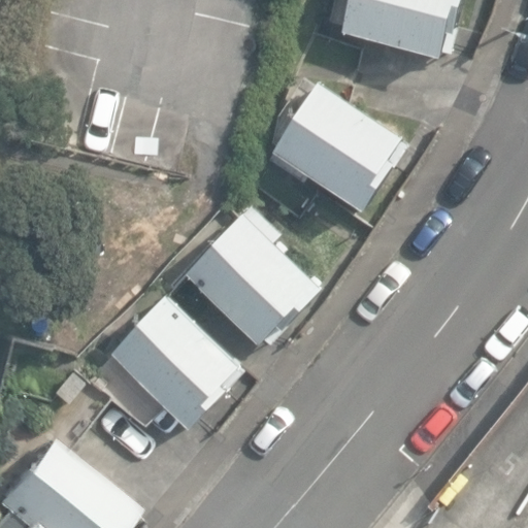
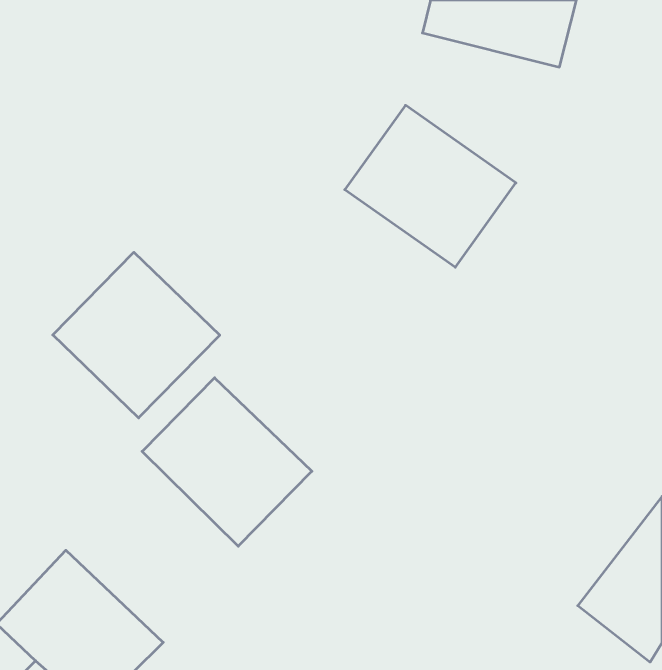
building: none -> [53,252,220,418]
building: [187,217,320,349] -> none

